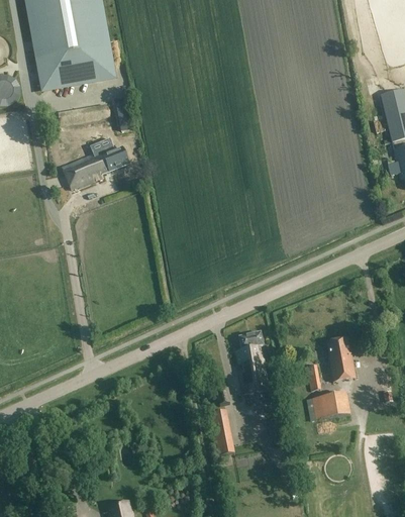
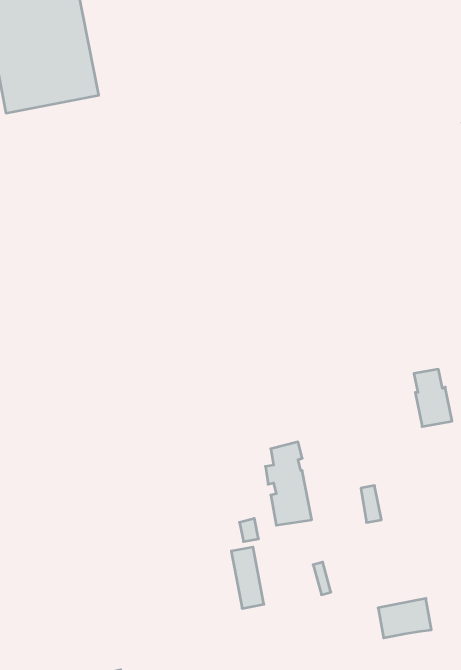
building: [62,146,127,189] -> none
building: [327,339,356,382] -> [414,369,452,427]
building: [311,391,350,420] -> [378,598,431,638]

